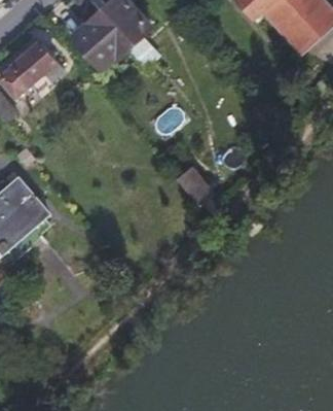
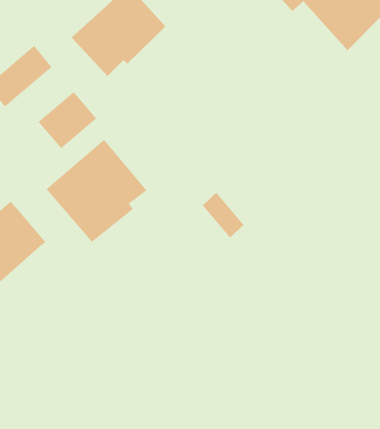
building: none -> [38,91,97,149]
building: none -> [45,139,148,243]

